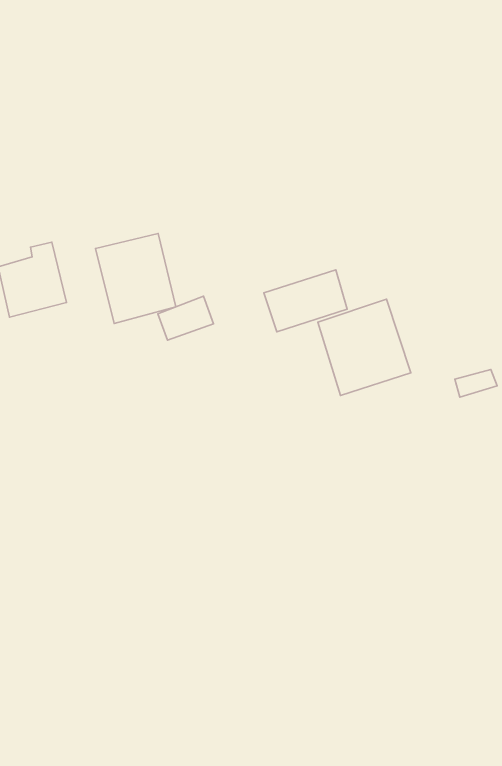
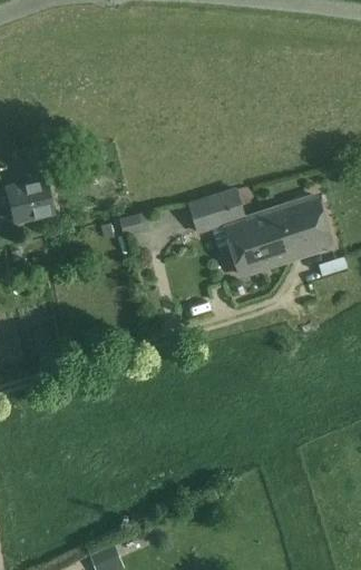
building: [96,233,176,324] -> none
building: none -> [271,197,331,261]

